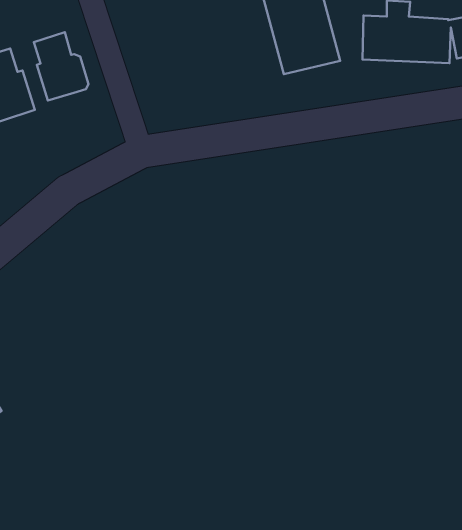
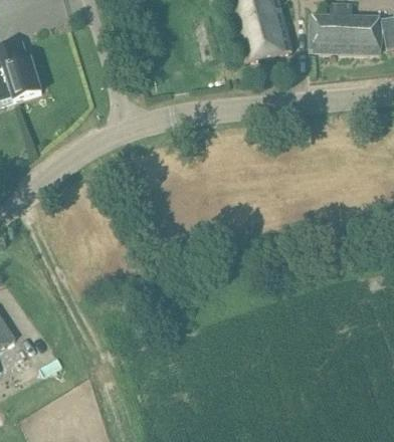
building: [34,32,89,100] -> none

